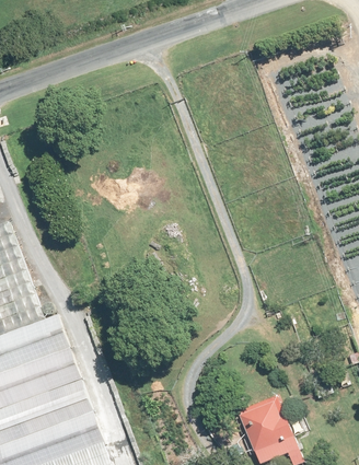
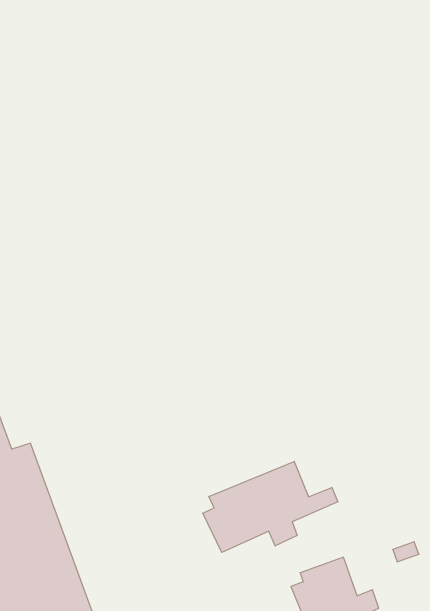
building: none -> [203,461,338,552]

